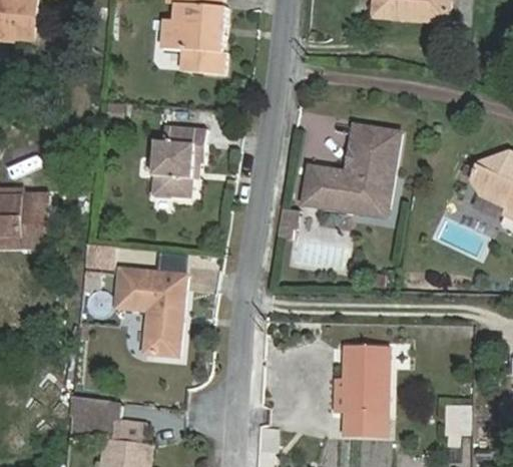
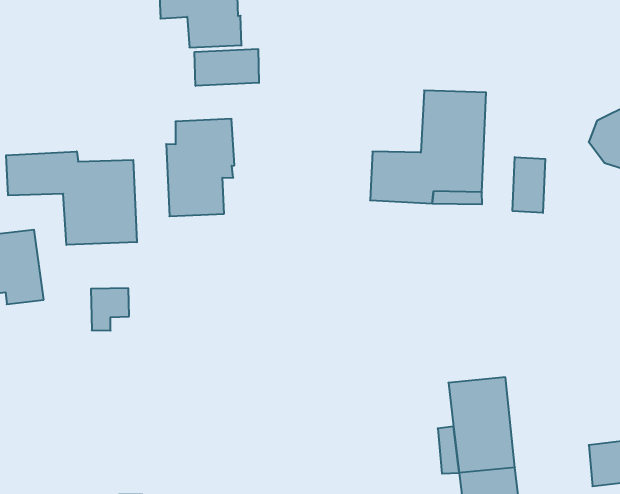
building: none -> [195,49,259,86]
building: none -> [6,151,137,245]
building: none -> [513,157,545,213]
building: [115,270,185,357] -> none

